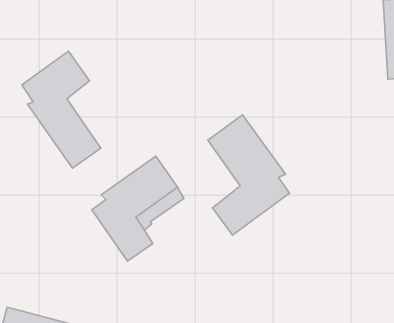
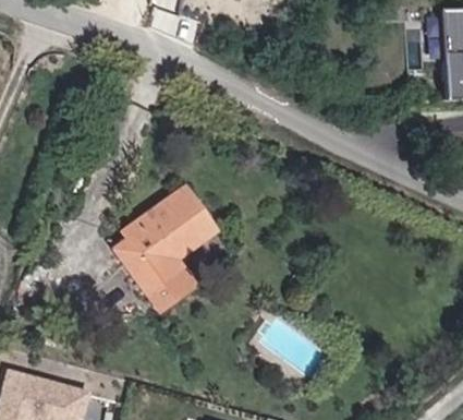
building: [22,51,101,168] -> none
building: [208,115,290,235] -> none

